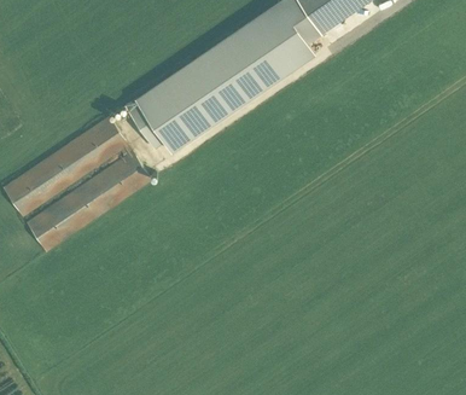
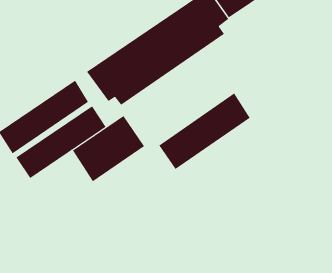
building: none -> [158,93,251,170]
building: none -> [72,115,145,182]

